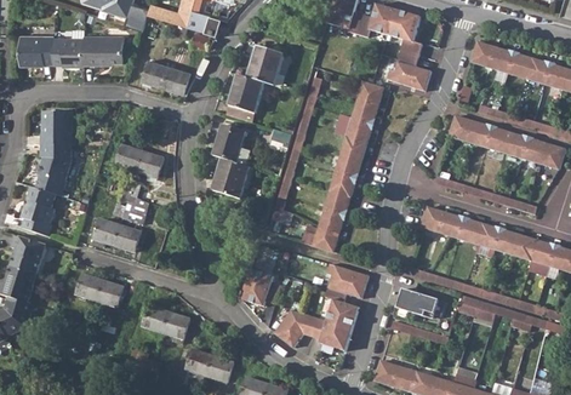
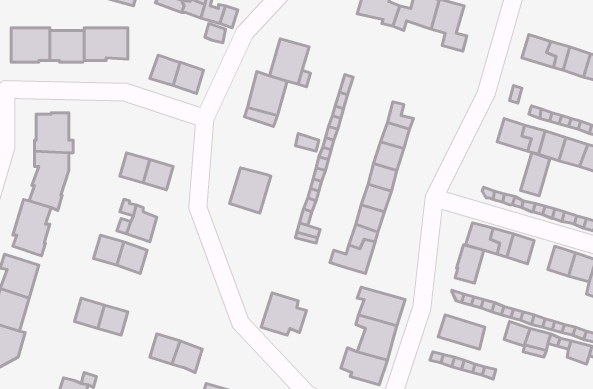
building: [386,51,430,91] -> none
building: [356,81,383,115] -> none
building: [212,124,250,165] -> none
building: none -> [521,152,550,196]
building: [474,223,499,257] -> [455,245,484,283]
building: [273,309,316,348] -> none

